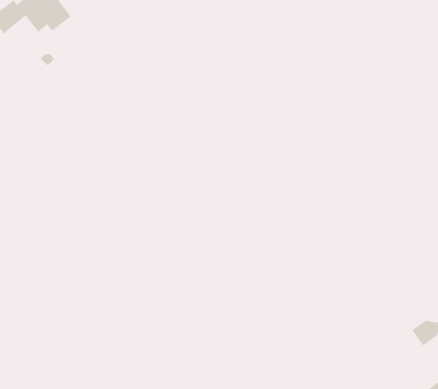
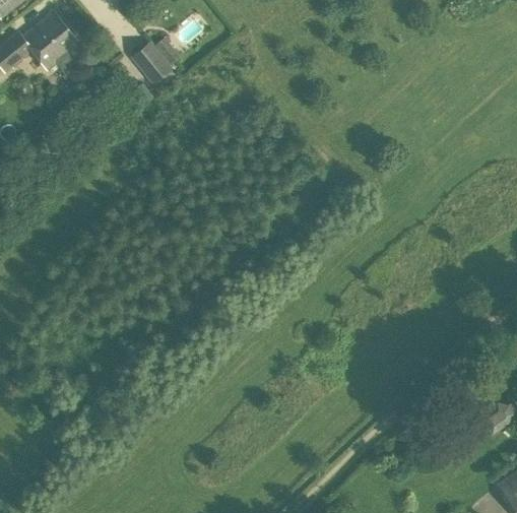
building: none -> [130,41,173,84]

